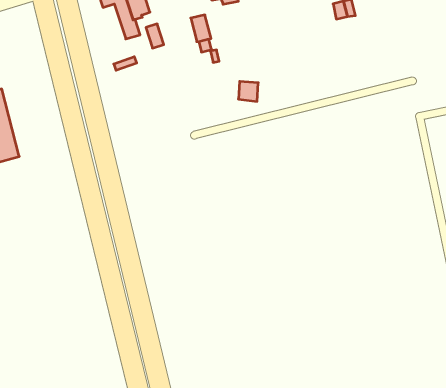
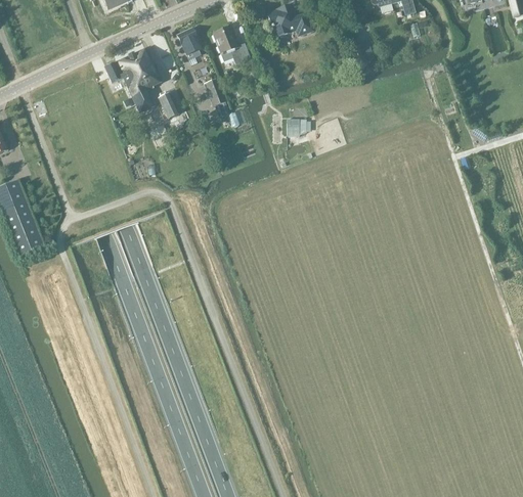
building: [238,81,258,101] -> [286,118,306,137]

